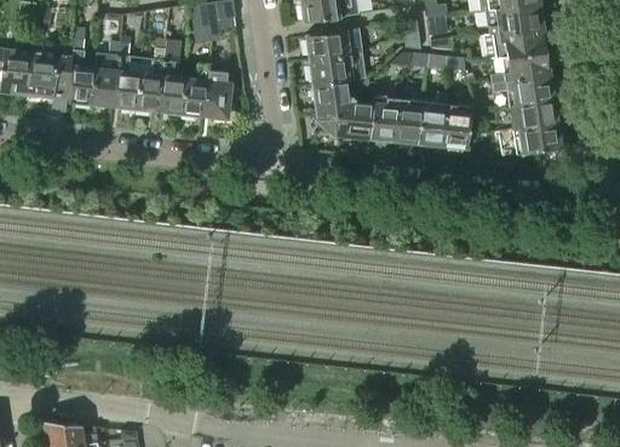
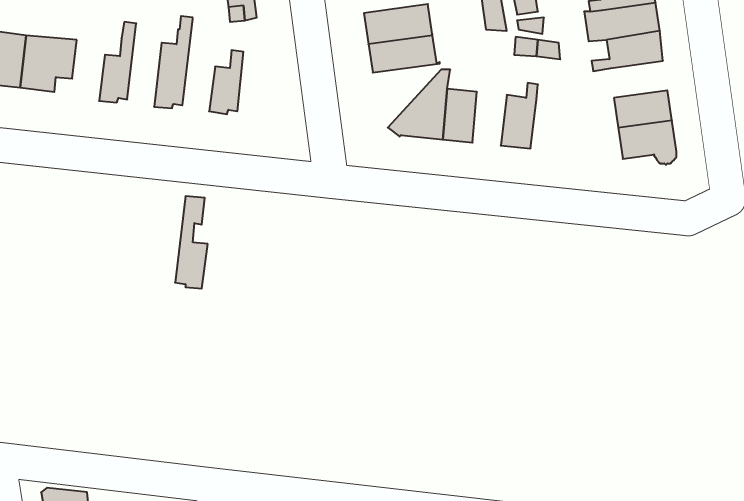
building: [69,39,96,107] -> none
building: [159,40,185,115] -> [175,196,208,289]
building: [114,44,142,111] -> none
building: [203,67,235,120] -> none
building: [507,74,553,104] -> none
building: [314,76,369,128] -> none
building: [395,99,423,143] -> none
building: [442,105,471,149] -> none

